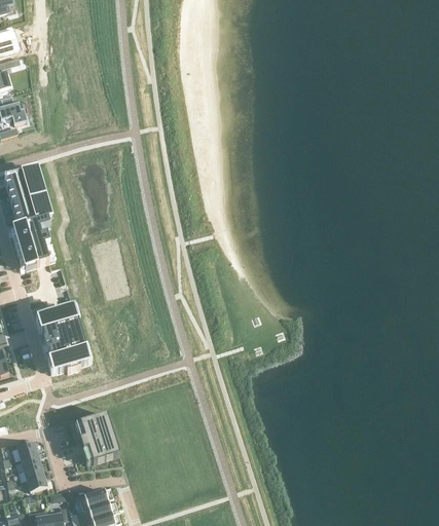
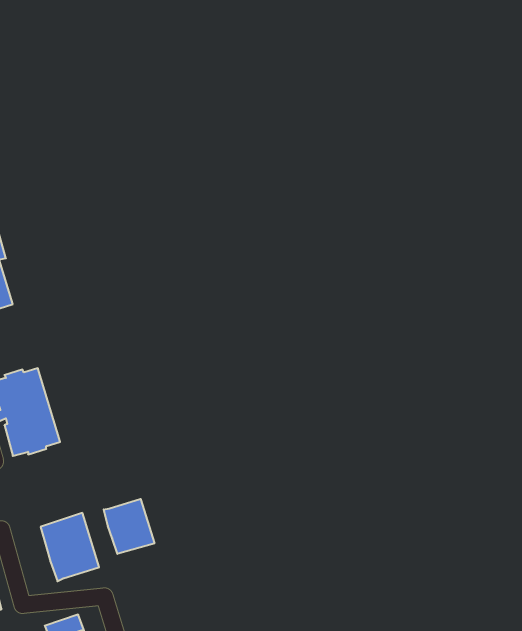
building: none -> [104,499,154,554]

